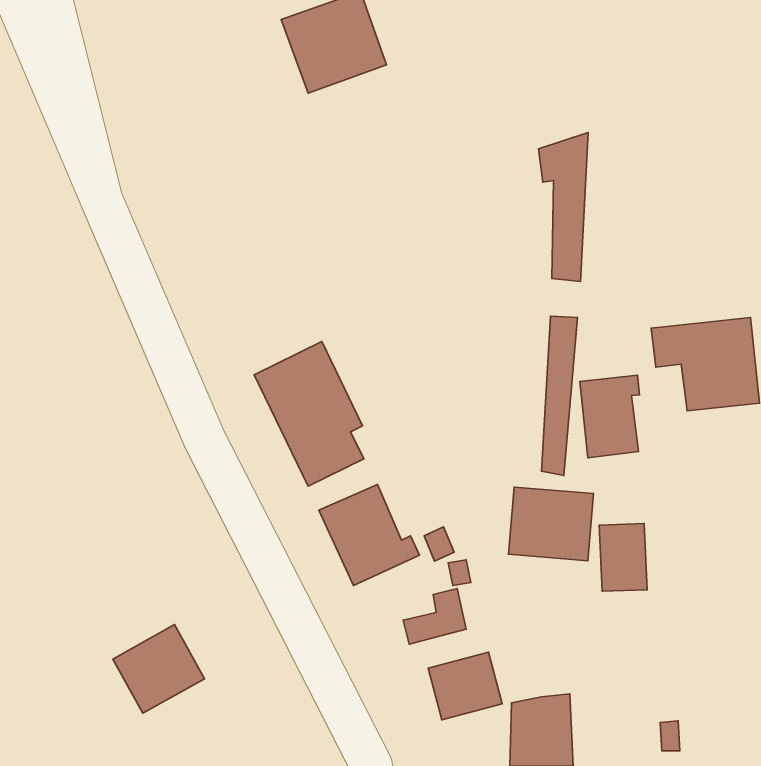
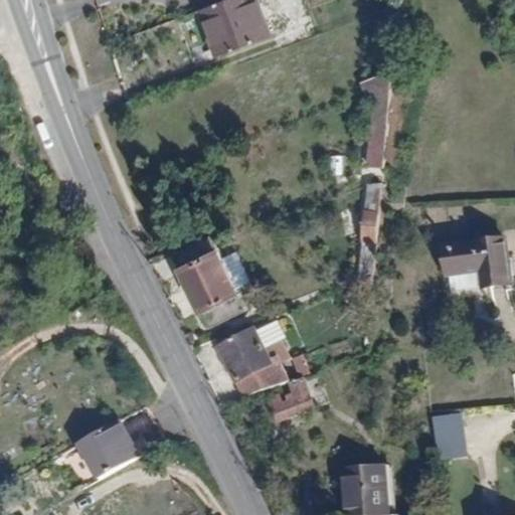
building: [580,375,640,458] -> none
building: [508,487,593,561] -> none
building: [599,524,647,591] -> [428,412,461,458]
building: [428,652,502,720] -> none

